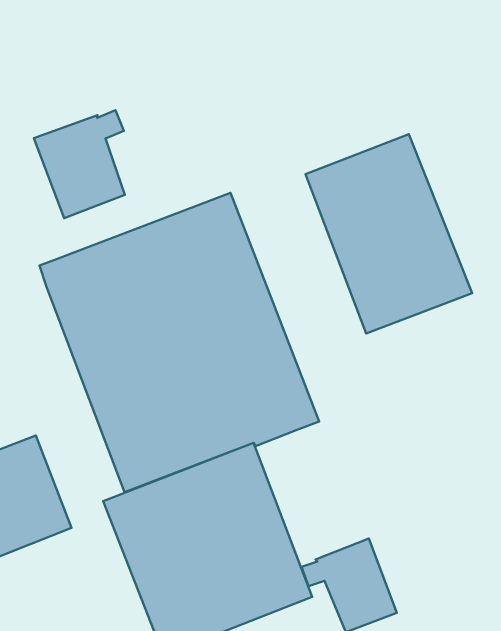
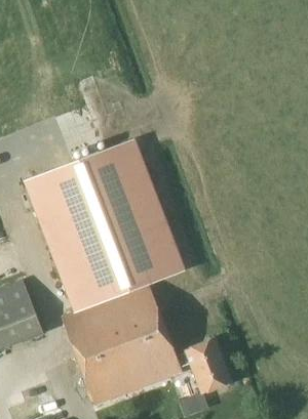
building: [34,110,125,218] -> none
building: [306,134,472,334] -> none

